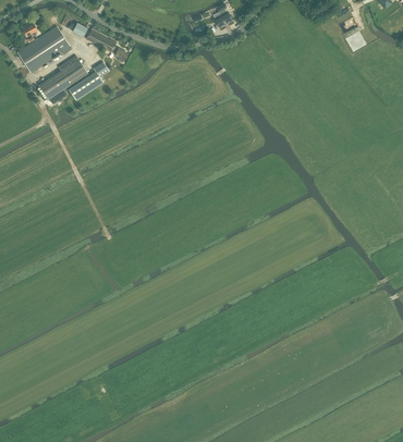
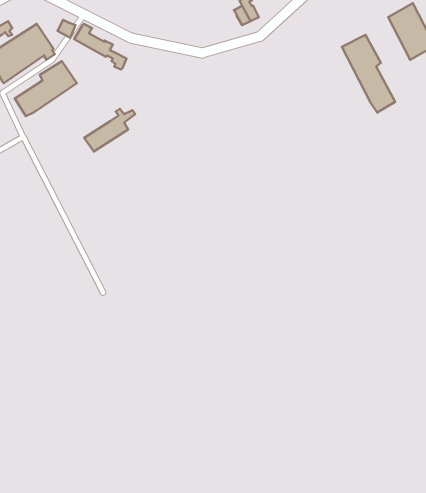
building: none -> [342,35,395,113]
building: [69,66,109,100] -> [84,109,135,151]

